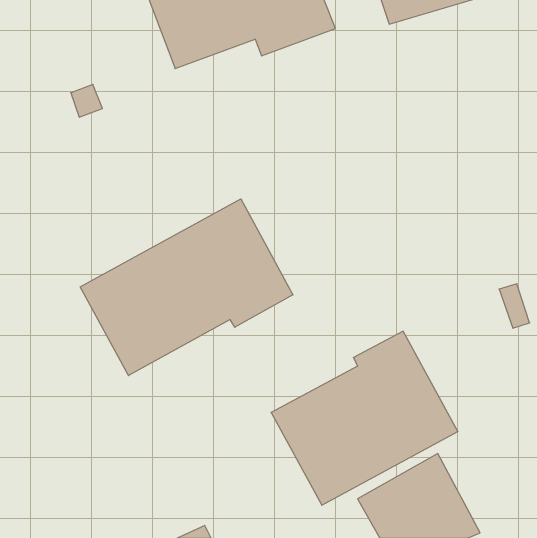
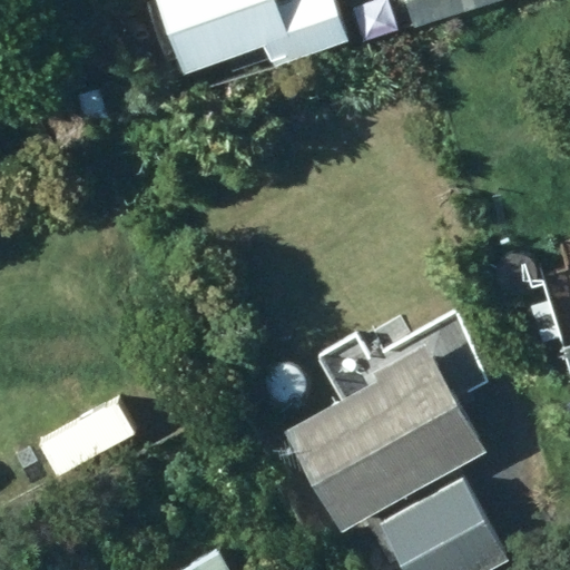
building: [80,199,293,376] -> none

